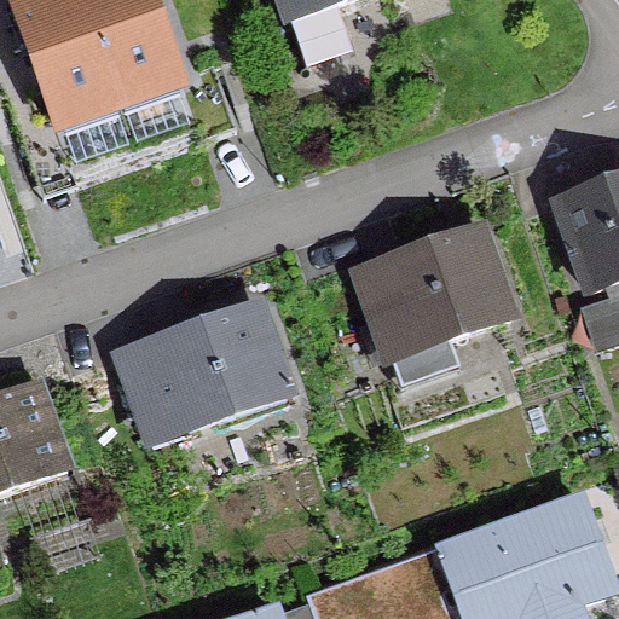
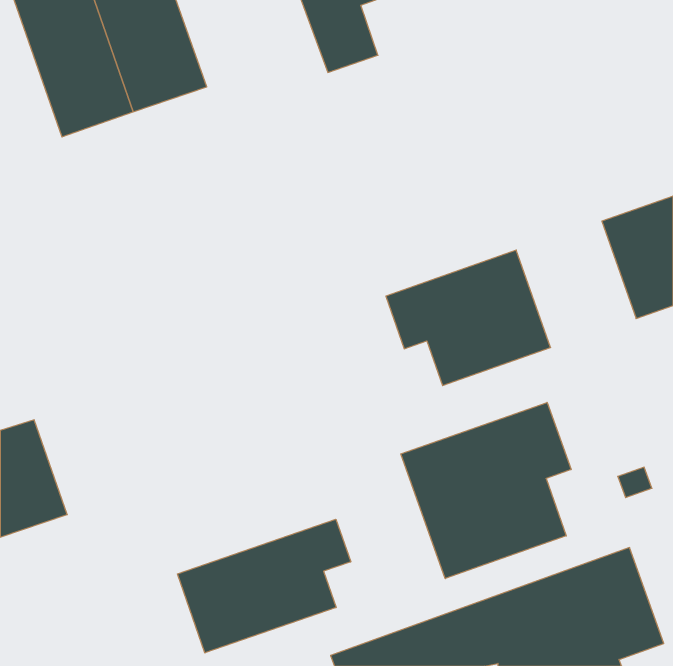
building: [116,308,282,430] -> none
building: none -> [401,402,571,579]
building: none -> [177,519,351,653]

